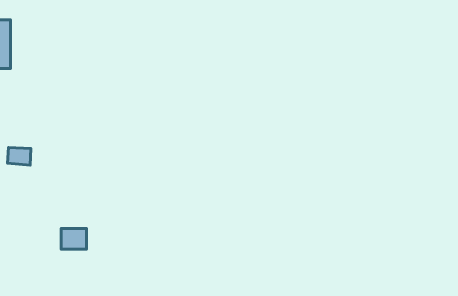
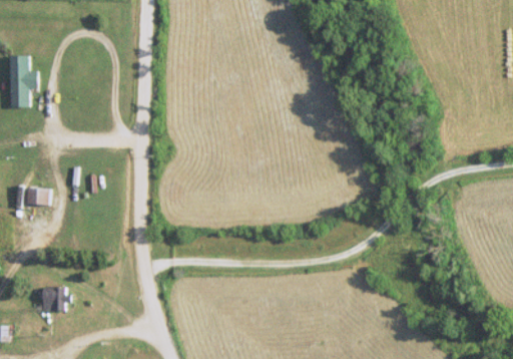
building: [61,229,86,249] -> [42,289,68,310]

